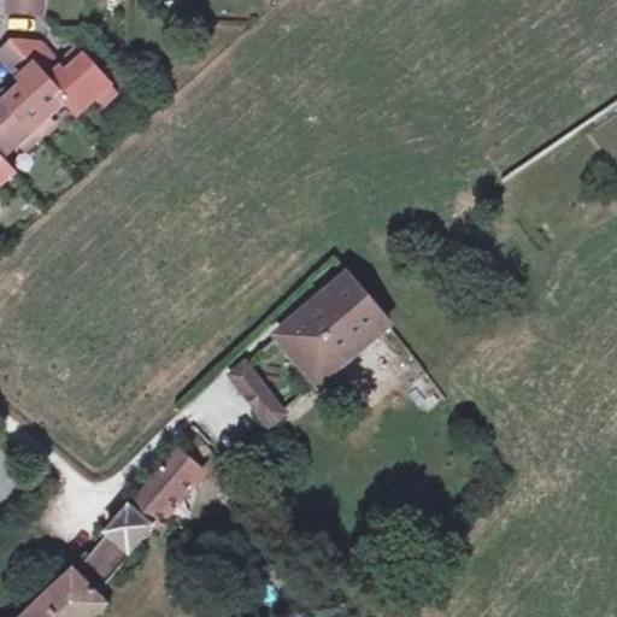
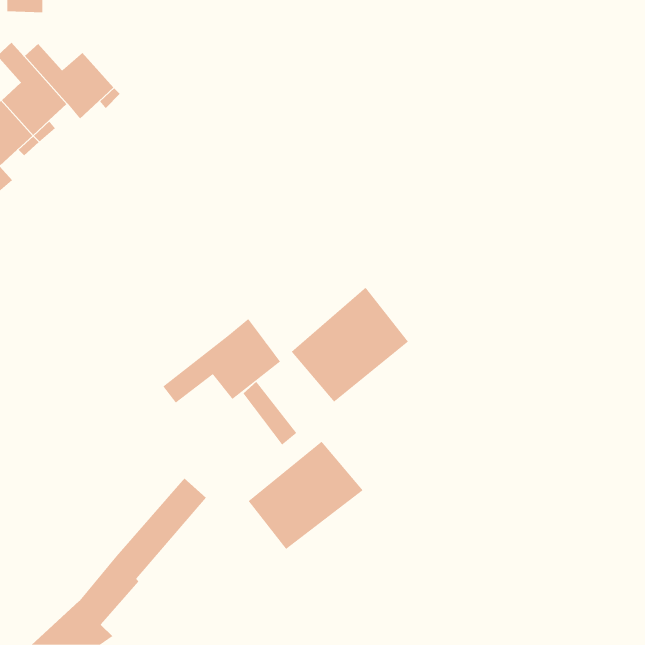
building: none -> [163,318,281,404]
building: none -> [248,441,363,550]

